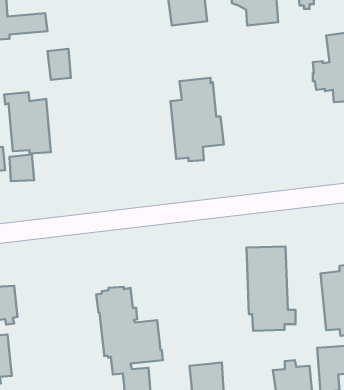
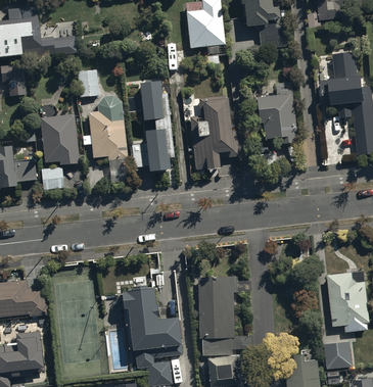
building: none -> [257,82,297,144]
building: none -> [132,83,174,174]
building: none -> [83,96,128,161]
building: [247,246,296,331] -> [197,277,242,354]

